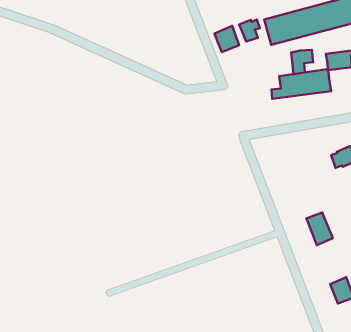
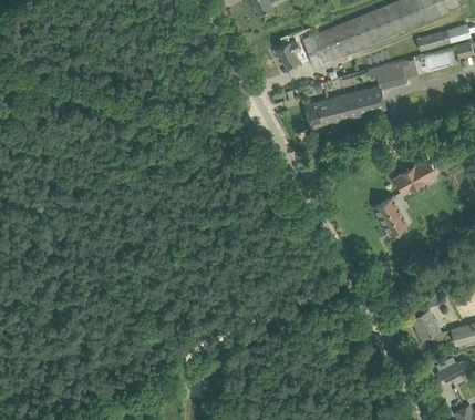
building: [214,26,239,52] -> none
building: [291,50,313,74] -> [306,99,331,127]
building: [306,212,333,245] -> [374,196,406,233]

